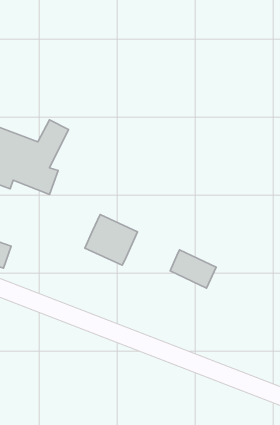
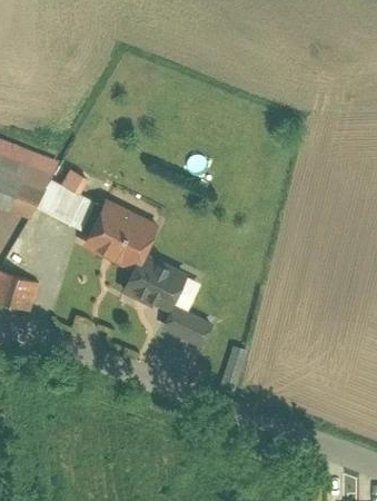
building: none -> [81,200,155,271]
building: [170,250,216,288] -> [160,304,214,348]

